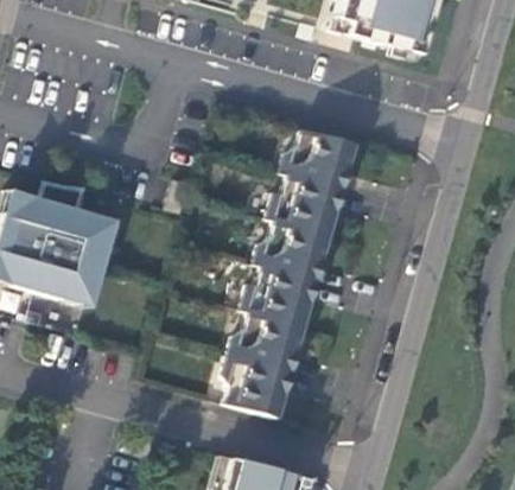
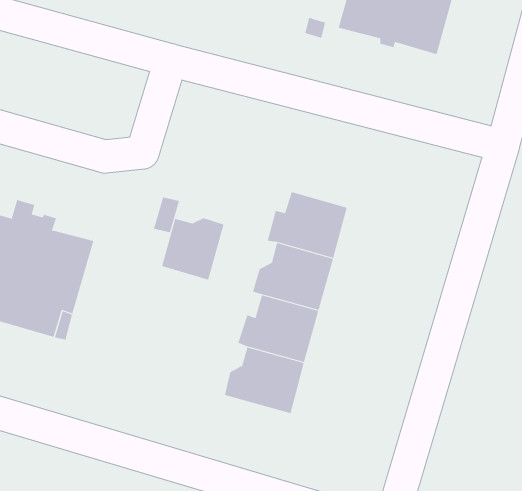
building: [285,129,356,189] -> none
building: none -> [161,217,224,280]
building: [228,355,293,416] -> none

